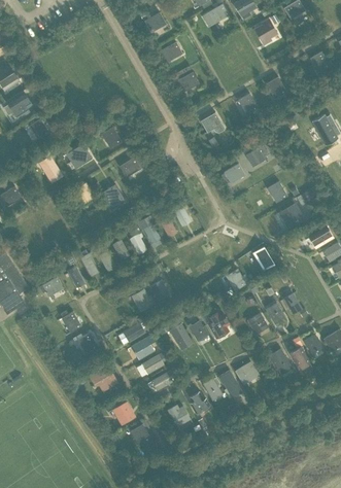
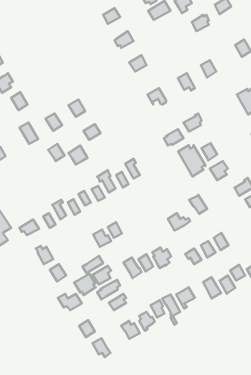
building: none -> [178,145,206,177]
building: none -> [74,274,96,295]

